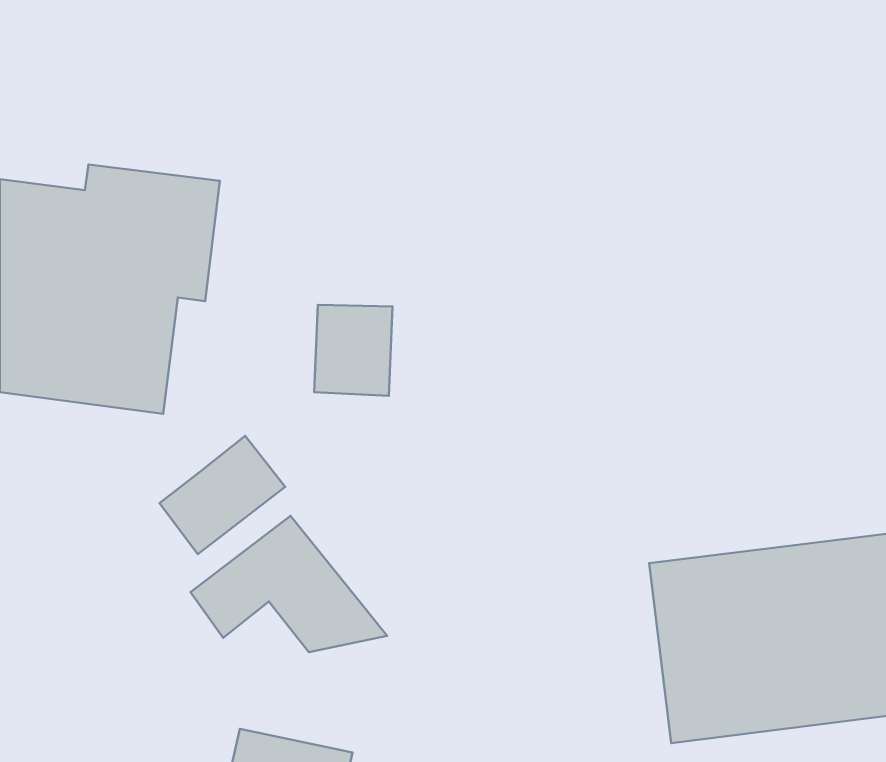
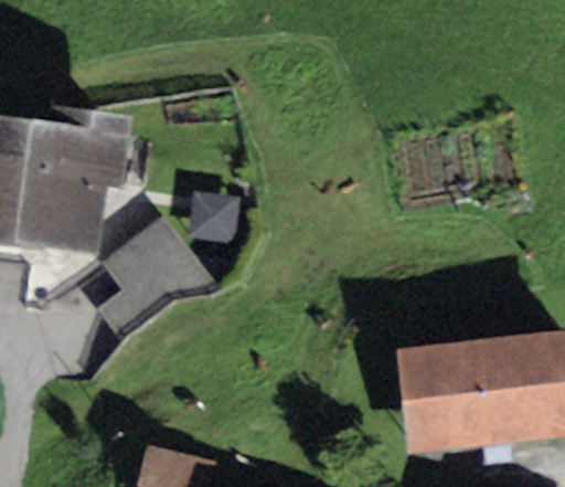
building: [191,516,387,652] -> [102,219,221,301]

